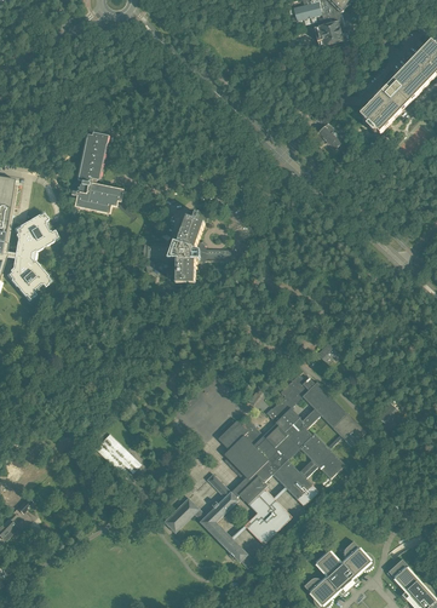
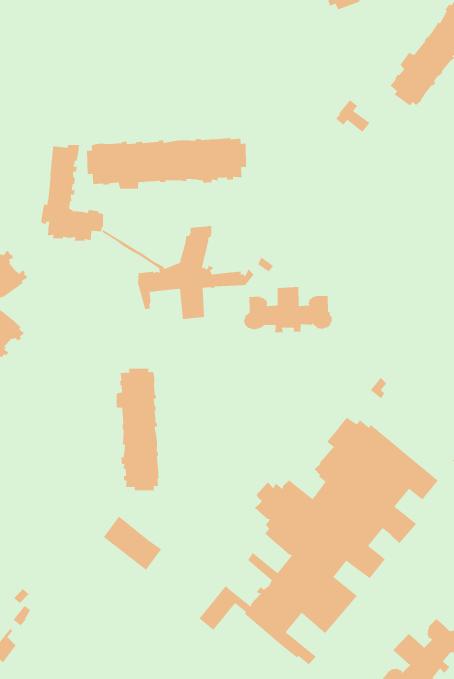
building: none -> [86,137,247,190]
building: none -> [243,286,333,333]
building: none -> [116,368,160,491]

